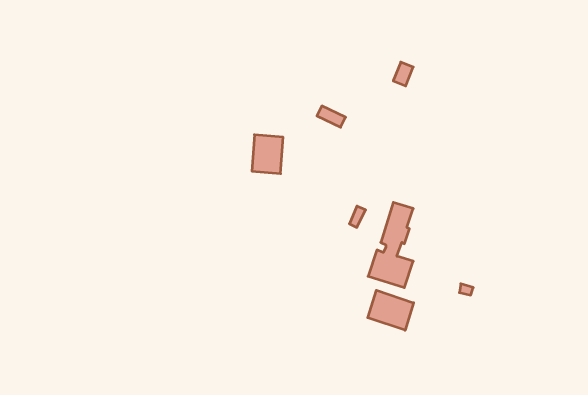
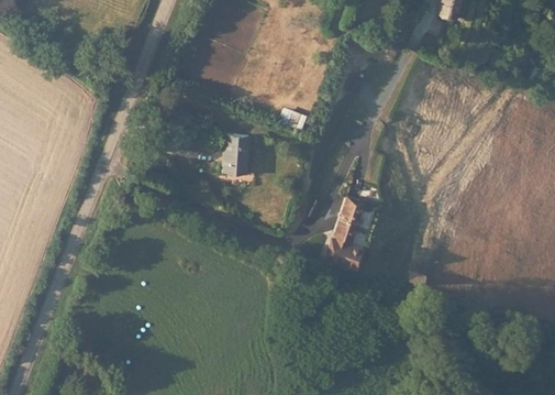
building: [368,290,414,330] -> none

